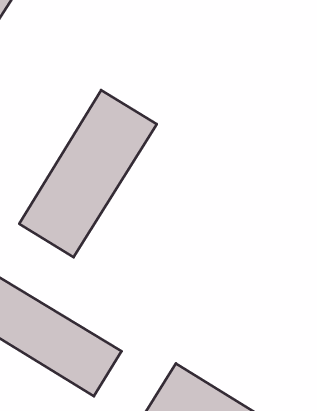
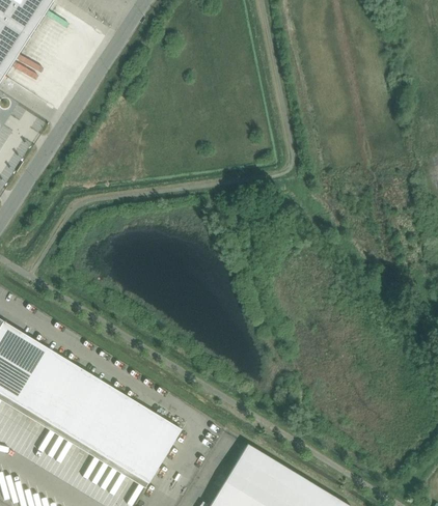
building: [19,90,157,257] -> none

